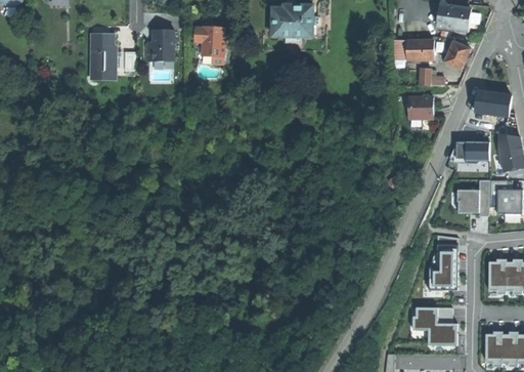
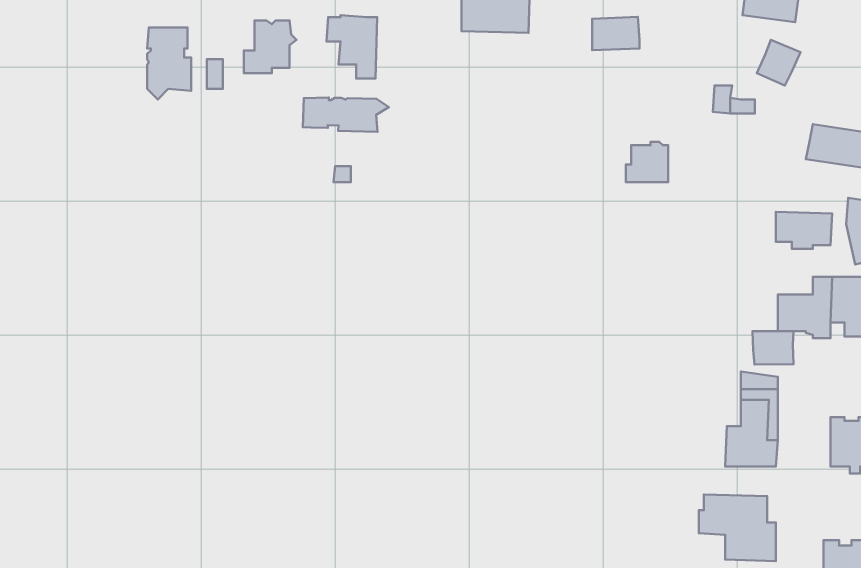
building: [407,39,435,58] -> [592,17,640,50]
building: none -> [303,98,389,132]
building: [408,94,433,118] -> [626,142,668,182]
building: none -> [752,331,794,364]

